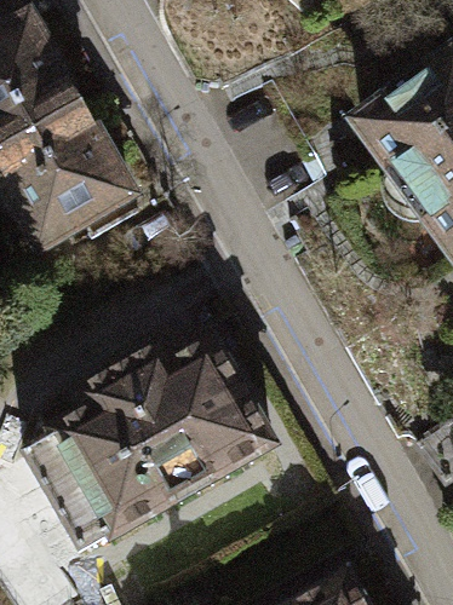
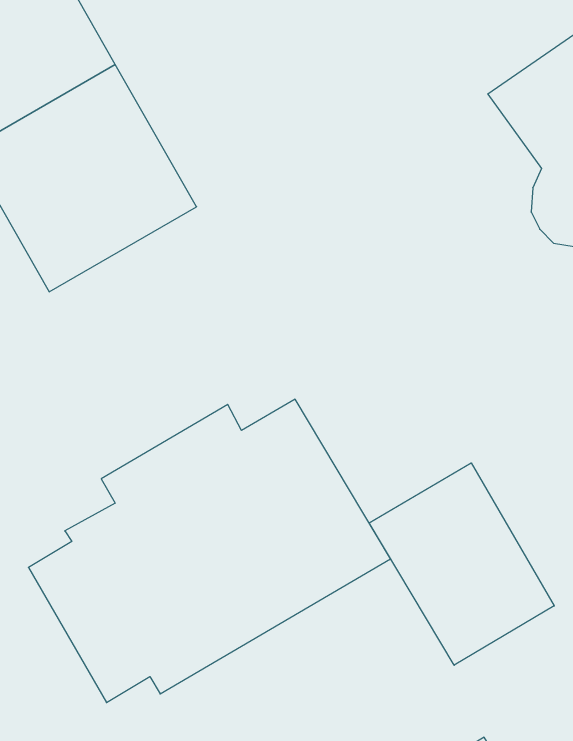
building: none -> [369,463,554,665]

